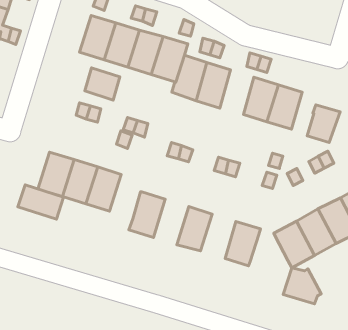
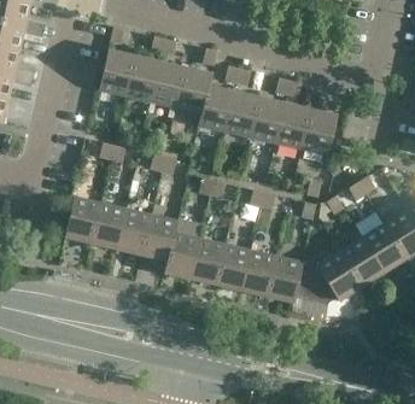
building: [85,68,120,100] -> none
building: none -> [252,96,286,142]
building: [307,105,340,143] -> none
building: none -> [144,215,180,260]
building: [18,185,63,219] -> none
building: none -> [192,238,227,285]
building: none -> [242,250,277,295]
building: [283,268,321,304] -> [296,268,335,304]

